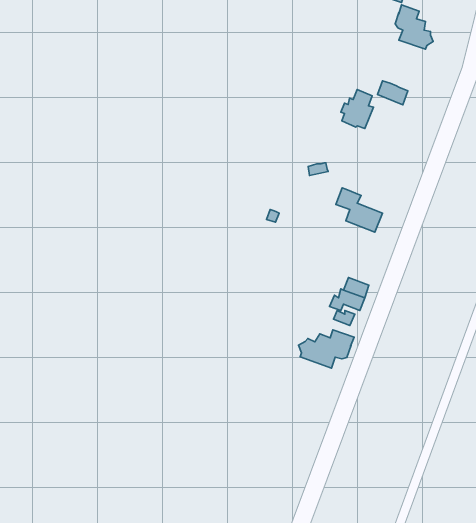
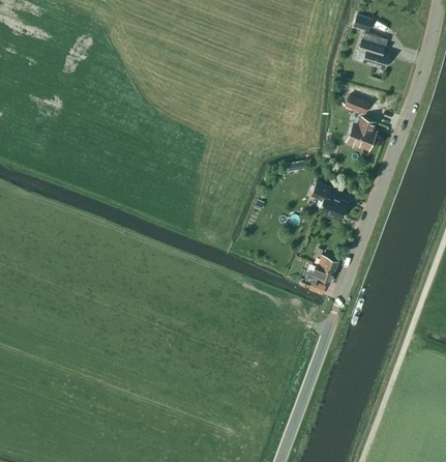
building: [341,89,374,129] -> [349,116,376,148]
building: [298,330,354,368] -> none

